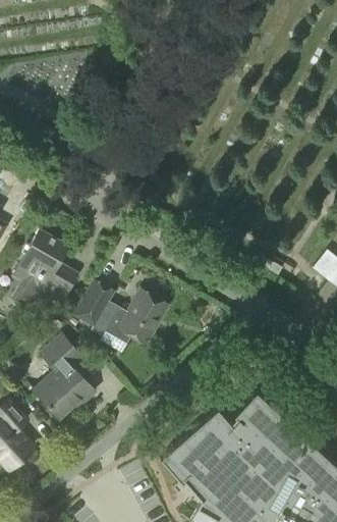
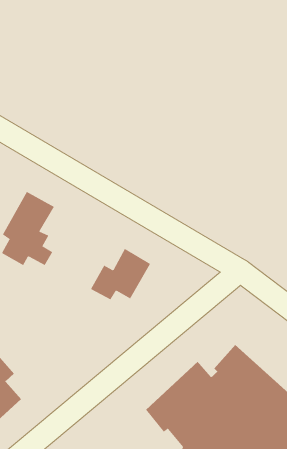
building: [73,279,115,328] -> none
building: [35,335,95,418] -> none

